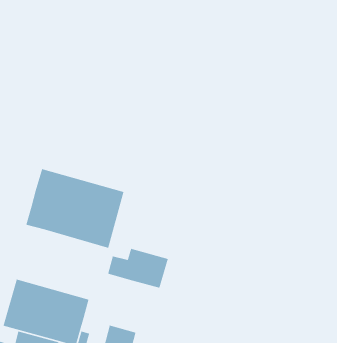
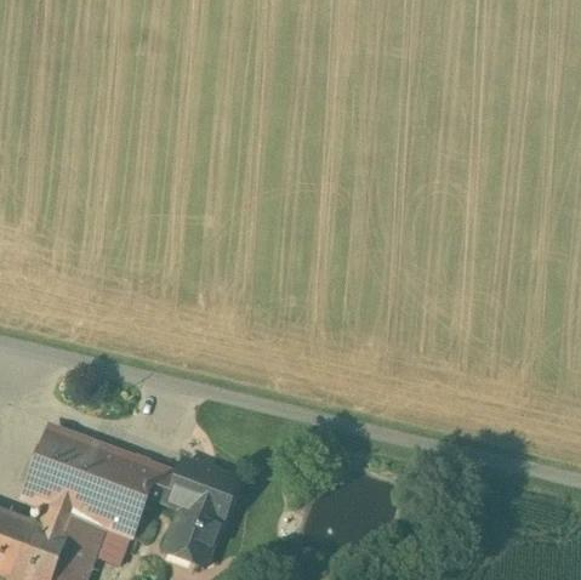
building: [25,168,124,249] -> none
building: [107,248,169,289] -> [144,460,237,524]

